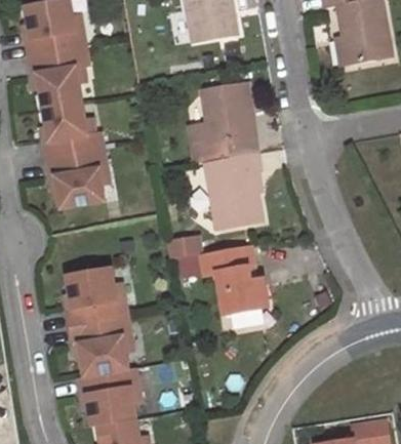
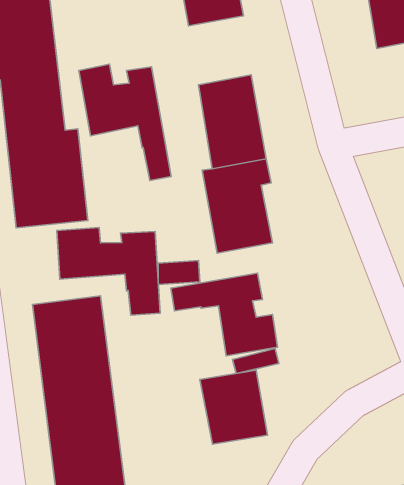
building: none -> [79,64,171,180]
building: none -> [57,227,160,315]
building: none -> [200,370,268,444]

